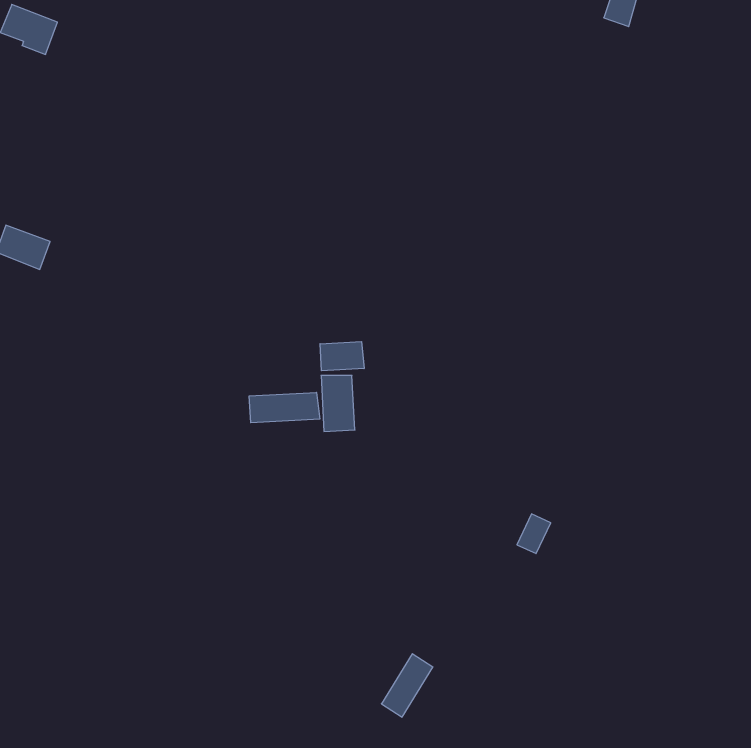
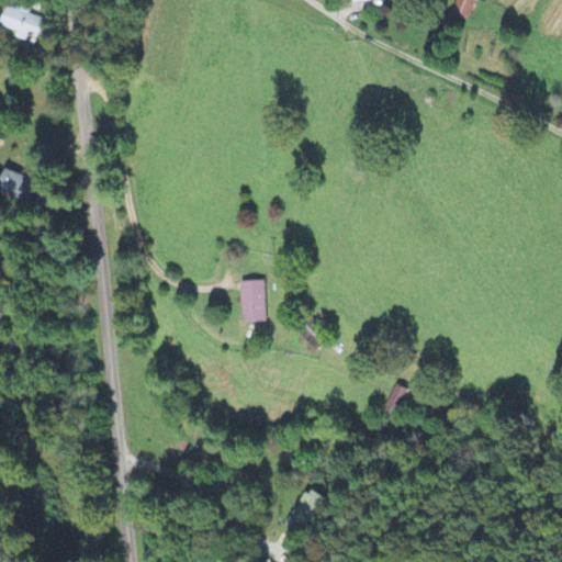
building: [320,342,364,371] -> none
building: [249,392,320,423] -> none

